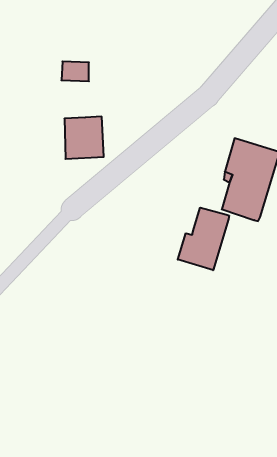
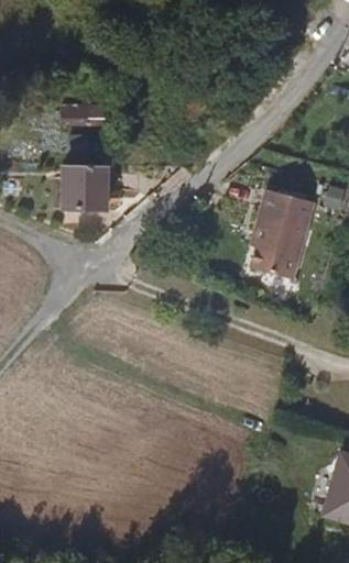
building: [178,208,229,270] -> none

